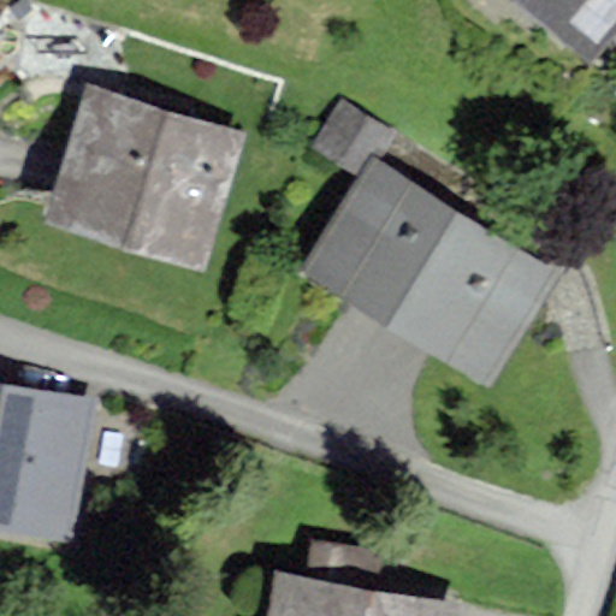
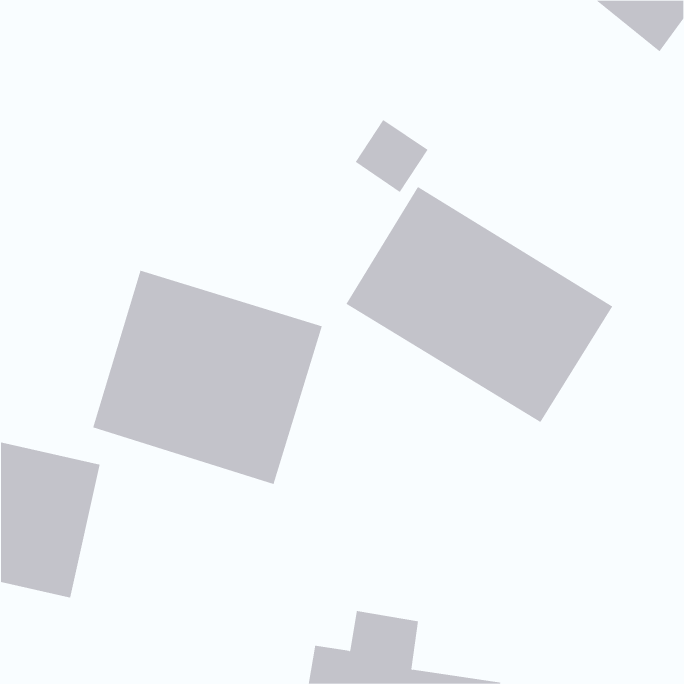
building: [55,97,238,263] -> none
building: none -> [92,270,323,485]

